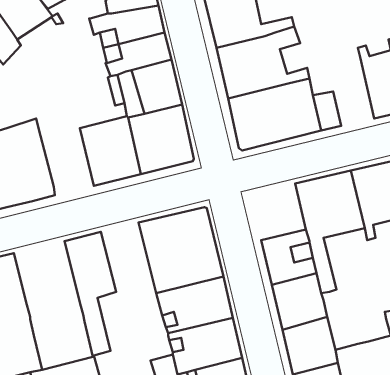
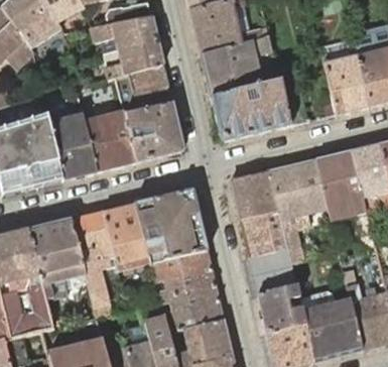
building: none -> [49,114,97,179]
building: none -> [231,169,278,218]
building: none -> [103,203,150,270]
building: none -> [28,219,86,299]

